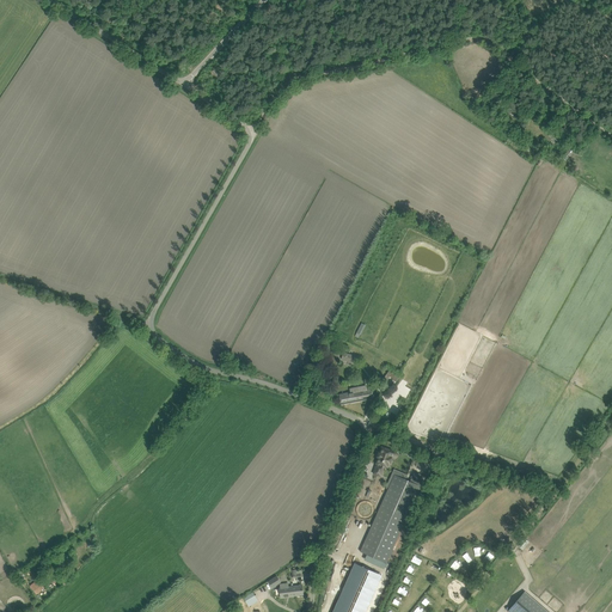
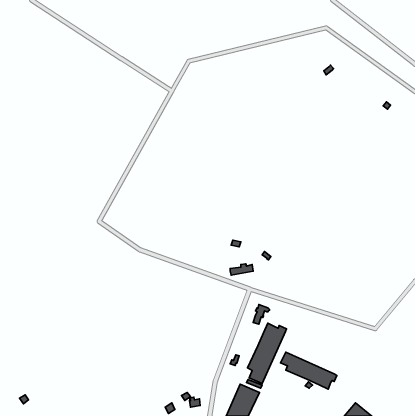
building: none -> [281,352,337,389]

